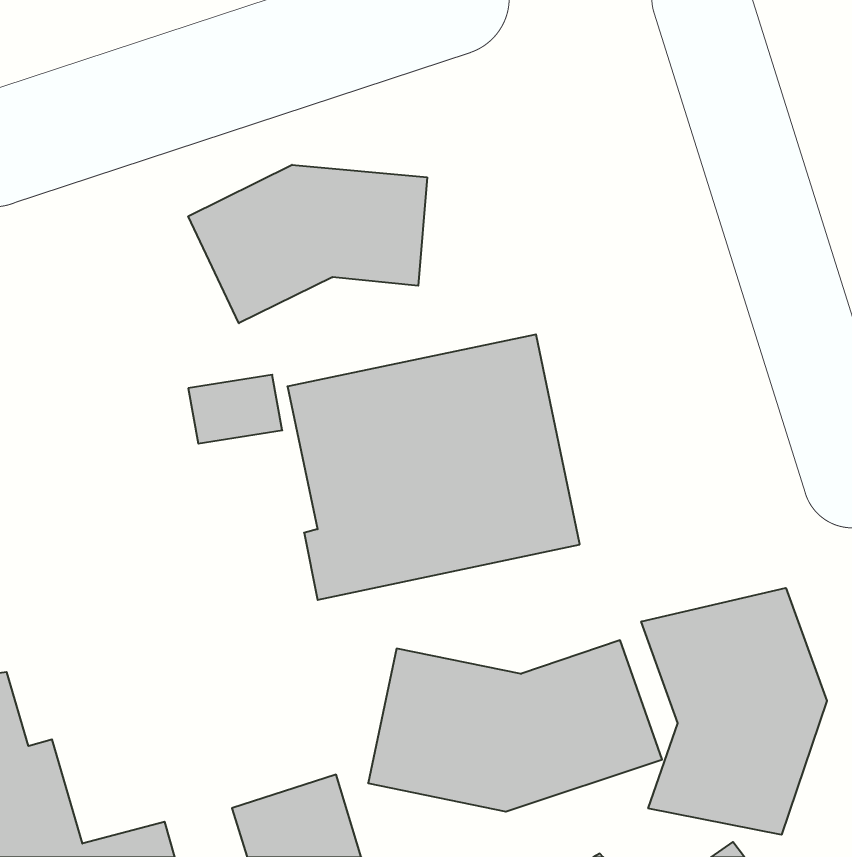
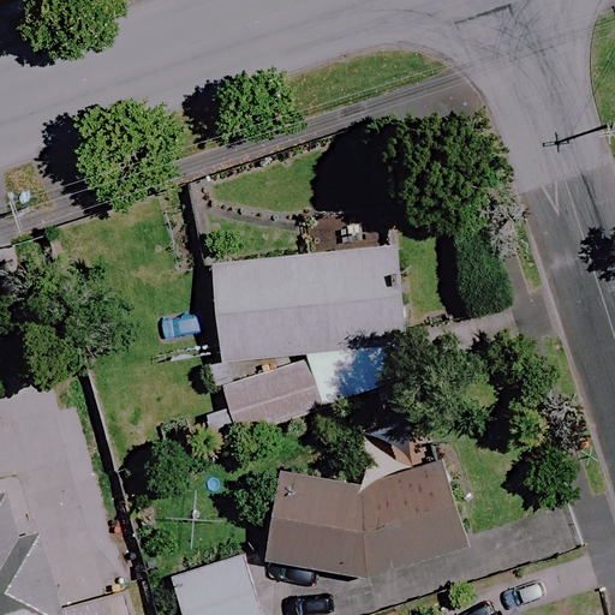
building: [188,165,427,323] -> none
building: [641,588,827,835] -> none

